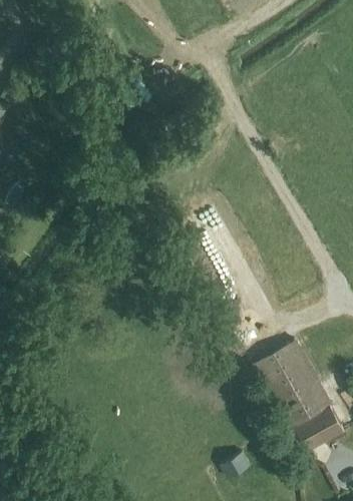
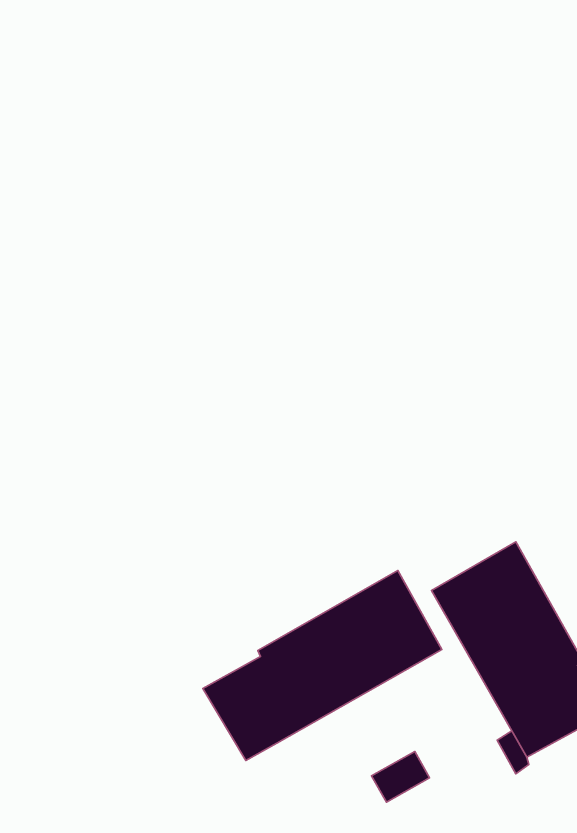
building: none -> [203,570,442,760]

